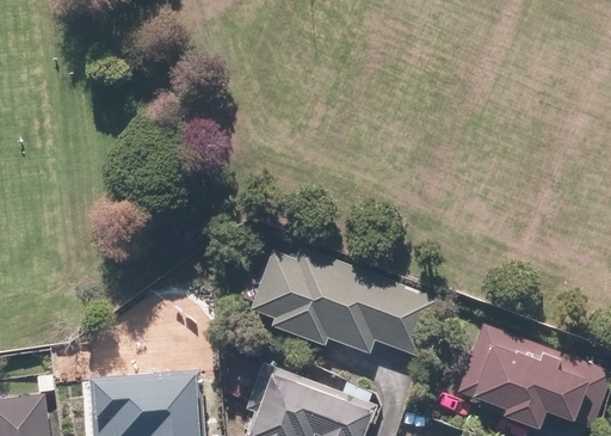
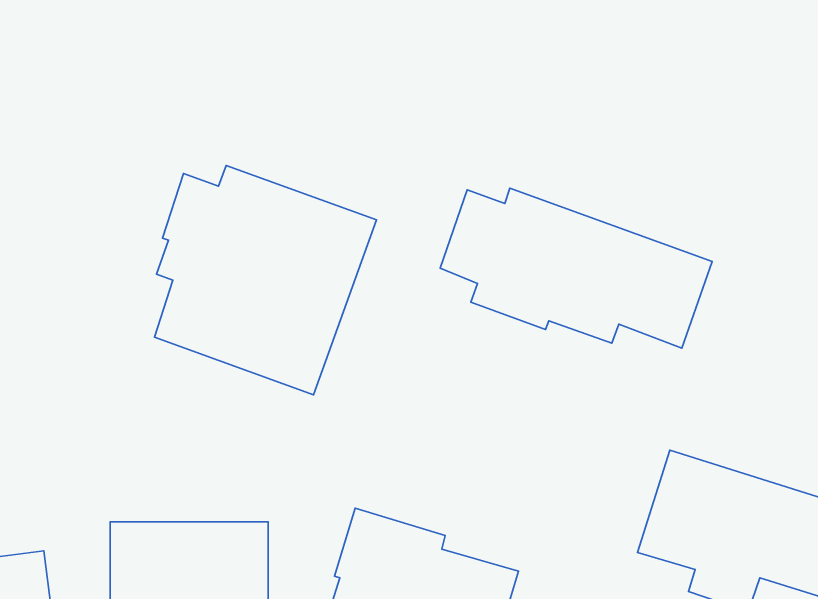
building: none -> [155,165,377,395]
building: [249,248,440,361] -> [440,188,712,348]

